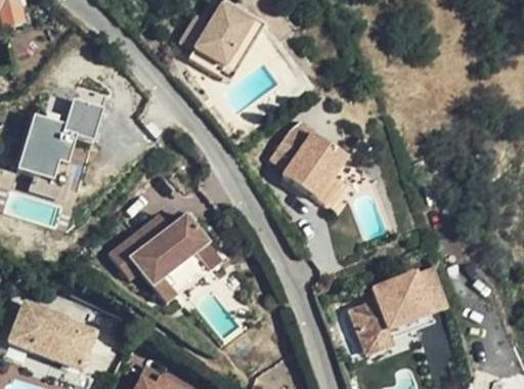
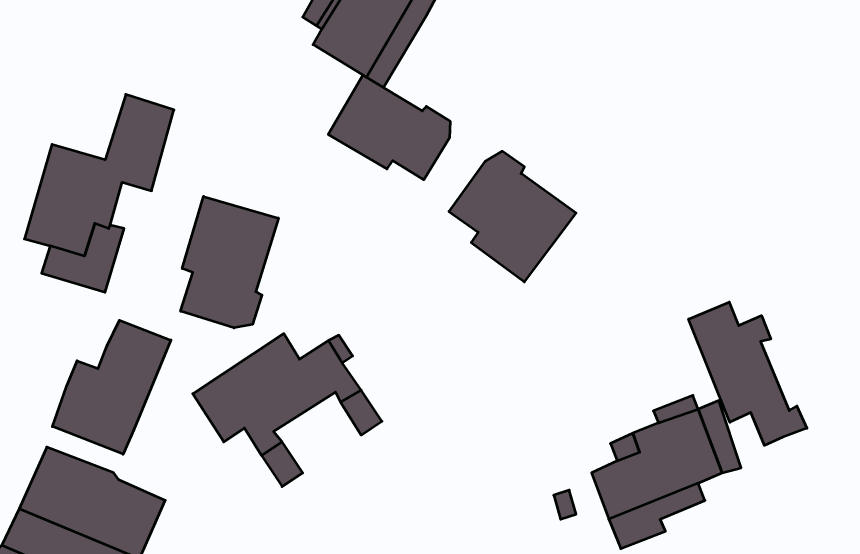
building: none -> [328,75,450,180]
building: none -> [181,196,278,328]
building: none -> [689,302,807,445]
building: none -> [52,320,171,454]

